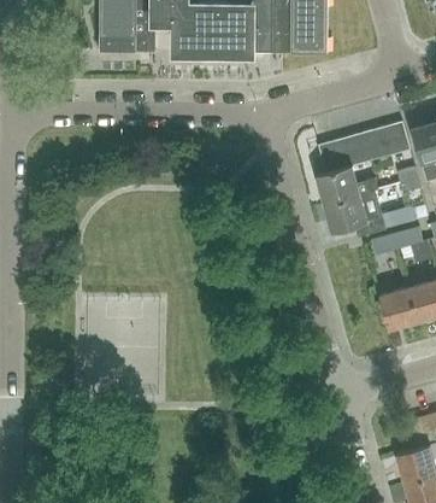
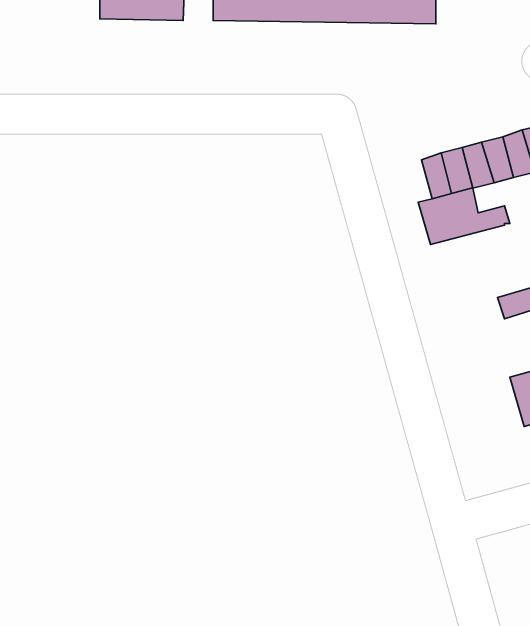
building: [324,192,385,238] -> none

